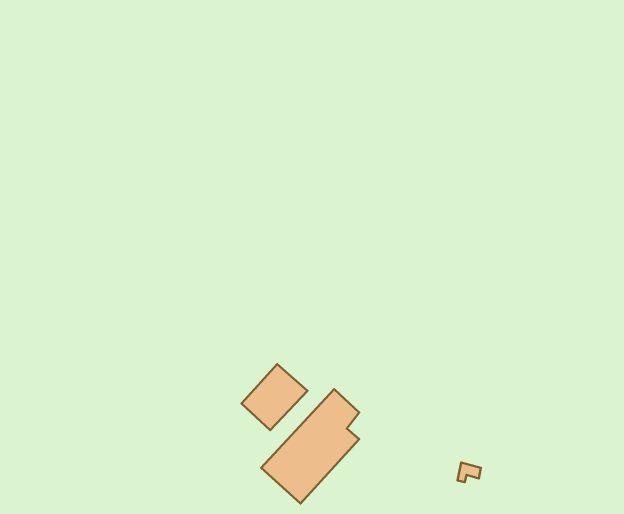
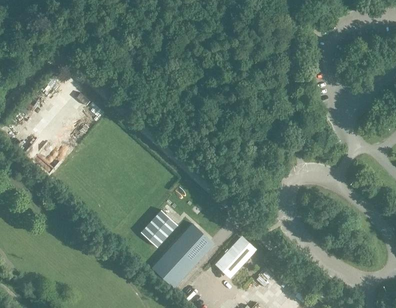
building: none -> [216,237,254,277]

